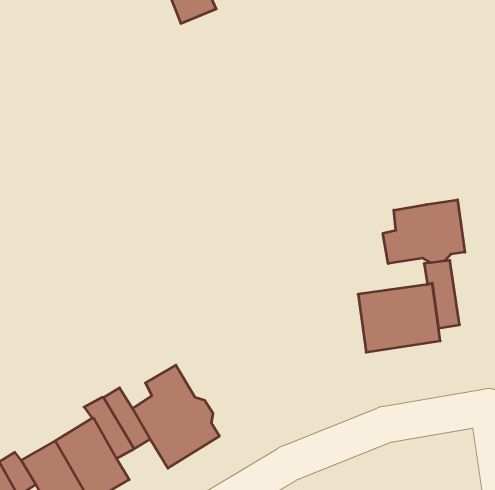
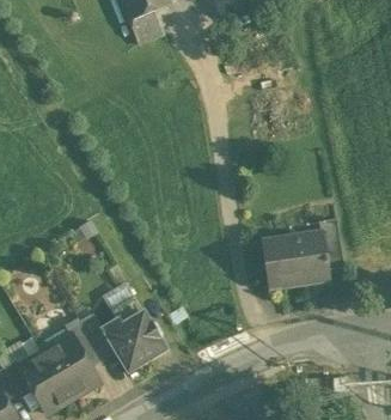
building: [383,200,465,264] -> none

